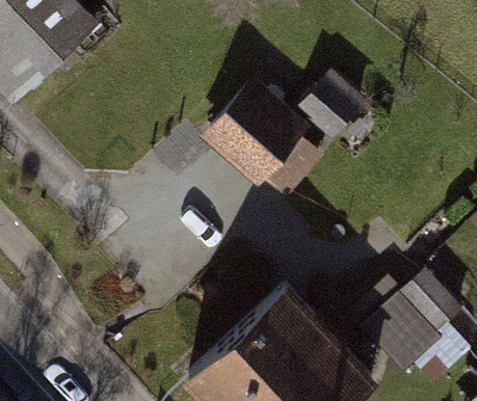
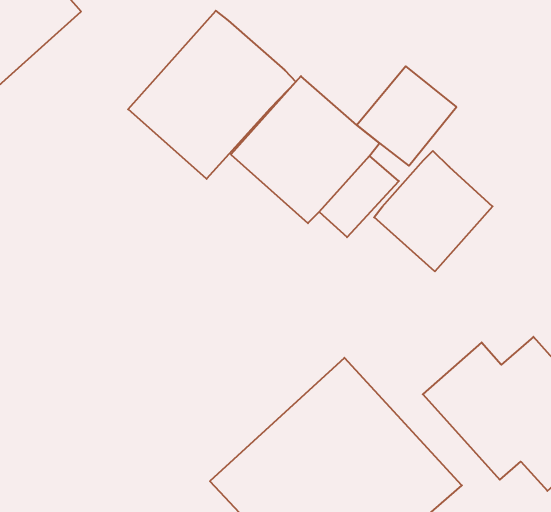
building: none -> [128,11,296,179]
building: none -> [374,151,493,271]

